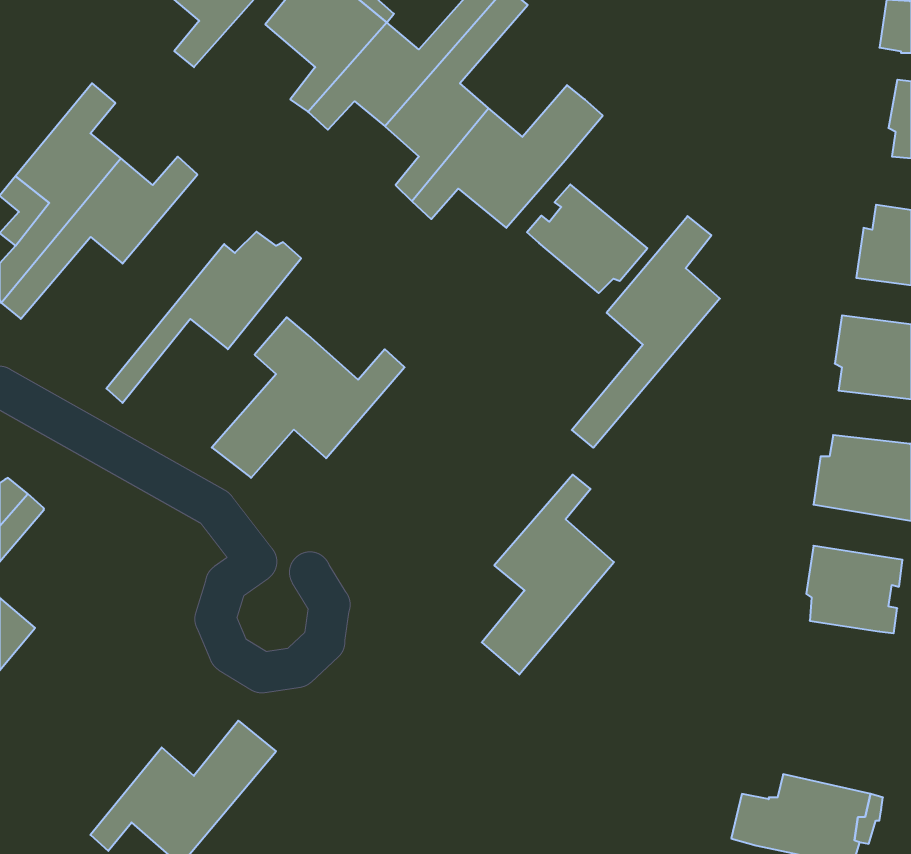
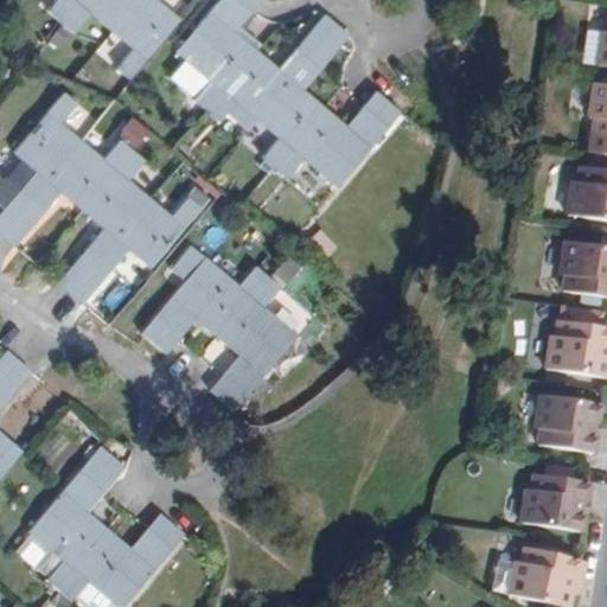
building: none -> [58,149,149,292]
building: [527,184,647,293] -> none
building: [572,216,720,448] -> none
building: [482,475,614,675] -> [209,277,296,410]
building: none -> [30,446,124,588]
building: none -> [522,475,589,532]

